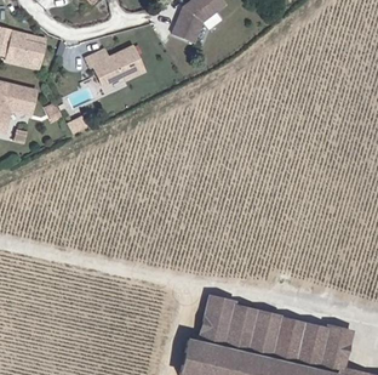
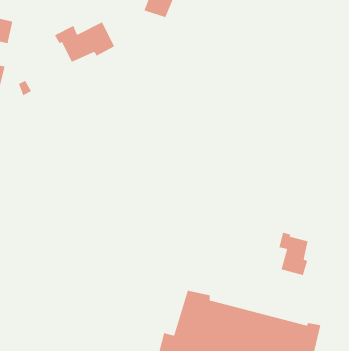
building: none -> [279,232,308,276]

